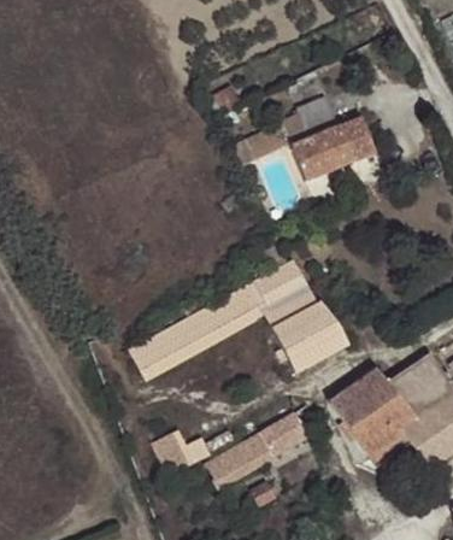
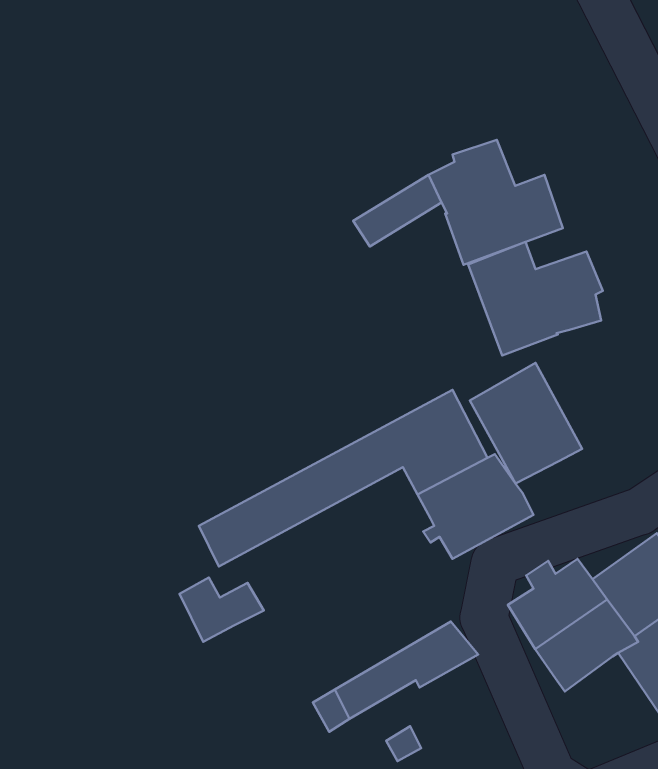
building: none -> [468,242,603,356]
building: none -> [470,363,582,483]
building: [157,434,212,476] -> [179,577,264,642]

